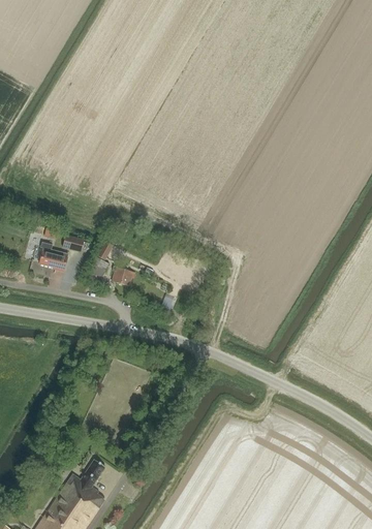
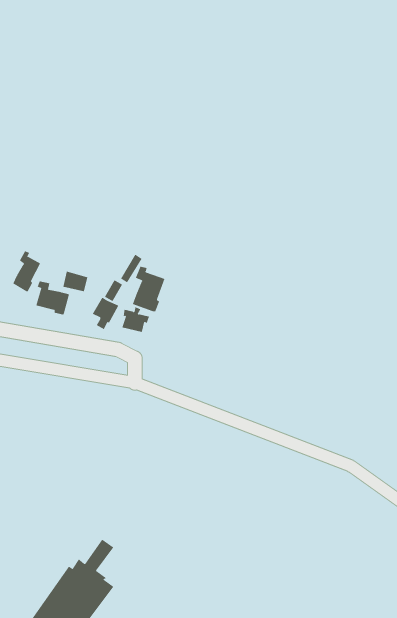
building: none -> [12,250,41,292]
building: none -> [132,266,165,312]

